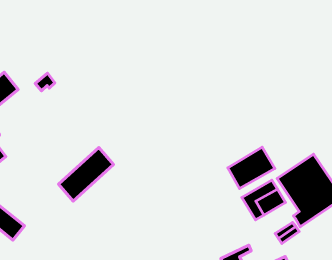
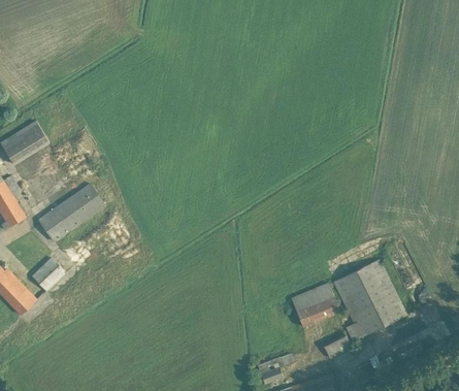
building: [228,147,275,188] -> none
building: [59,148,114,201] -> [38,183,104,240]
building: none -> [32,258,65,290]

